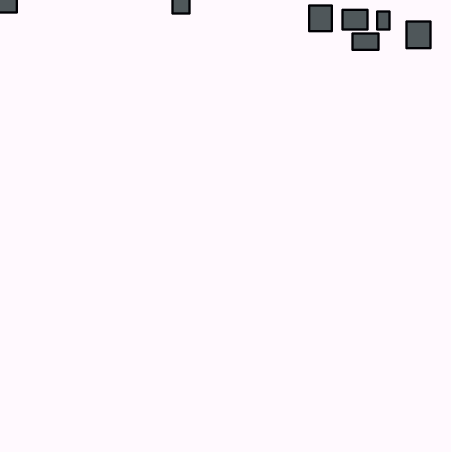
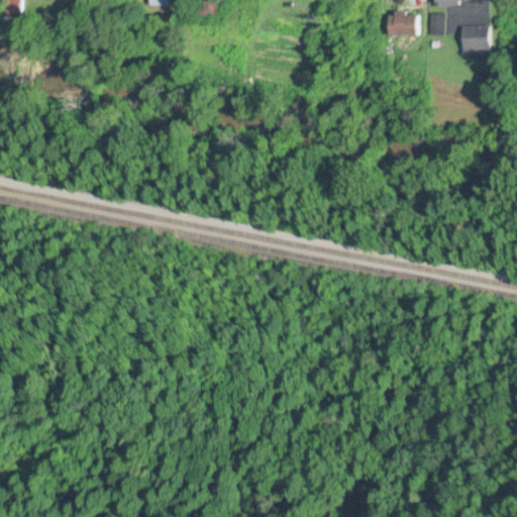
building: [309,5,332,31] -> none
building: [352,34,378,50] -> none

